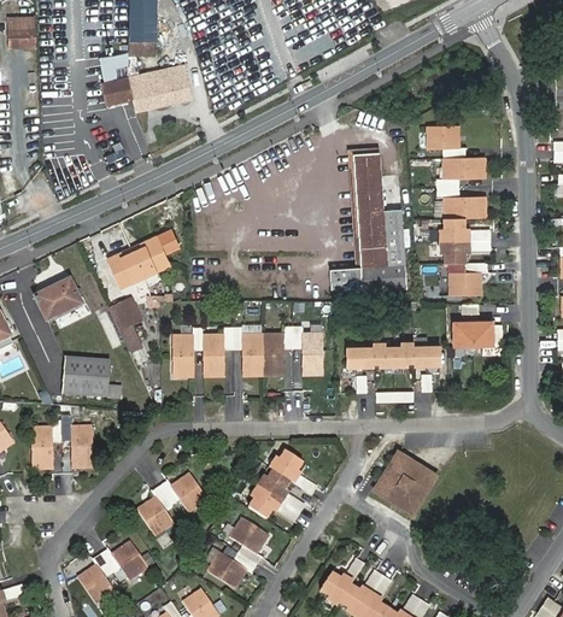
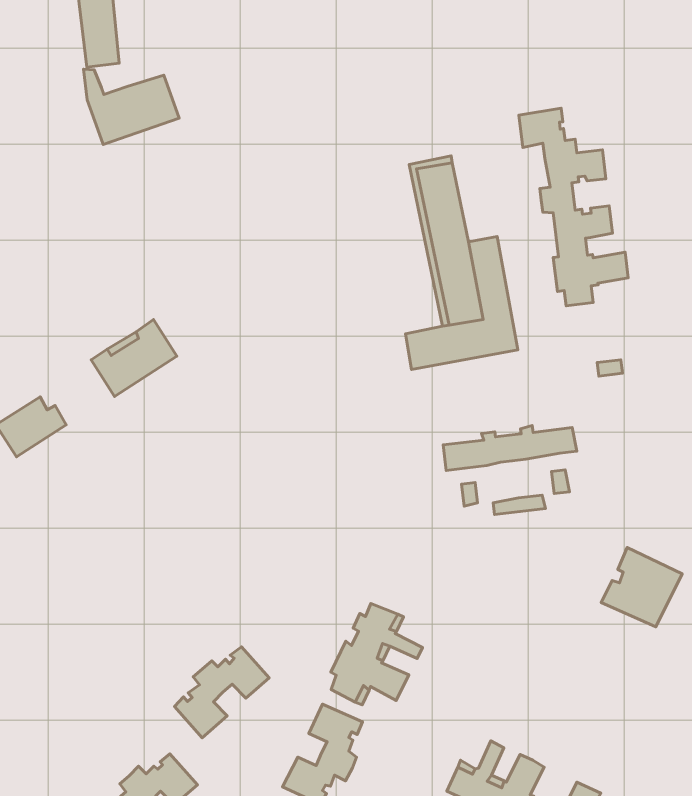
building: [102,77,133,104] -> none
building: [450,262,487,295] -> none
building: [109,296,145,353] -> none
building: [453,322,502,347] -> none
building: [172,325,323,376] -> none
building: [61,357,122,398] -> none
building: [31,419,92,468] -> none
building: [375,453,434,511] -> [601,548,682,627]

